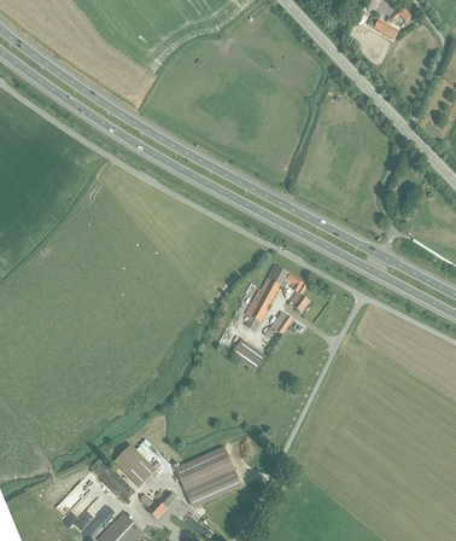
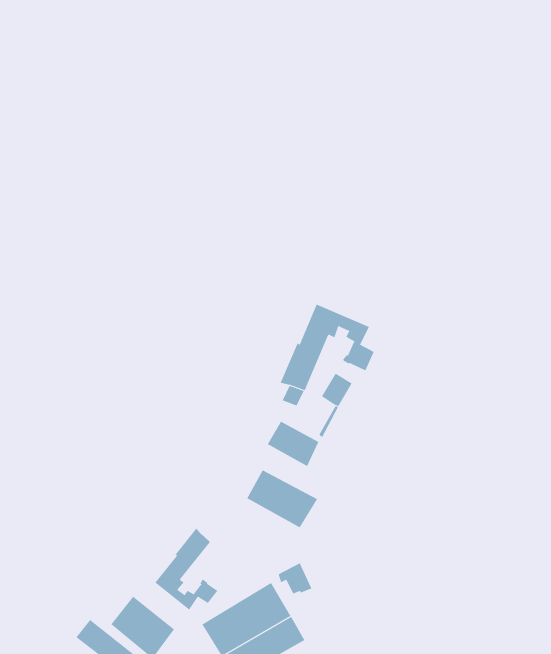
building: none -> [247,470,318,528]
building: none -> [155,528,218,610]

